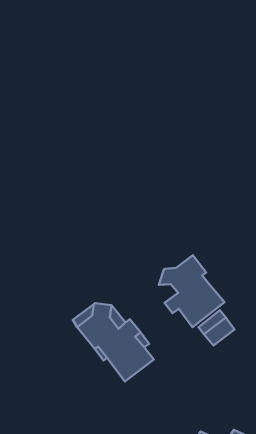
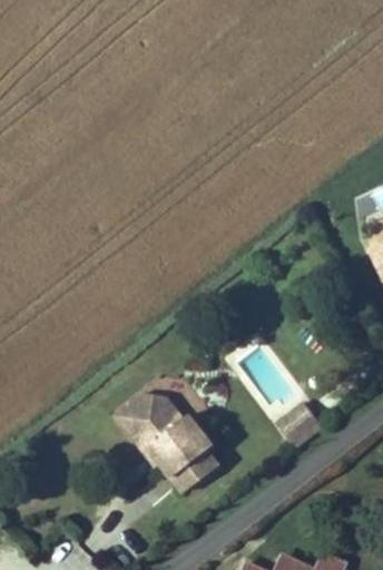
building: [159,255,224,327] -> none

